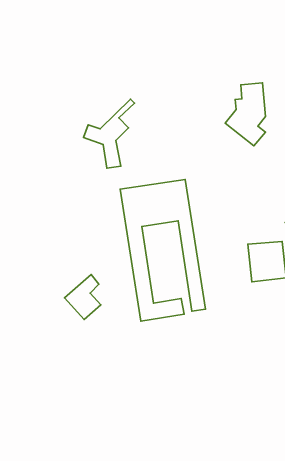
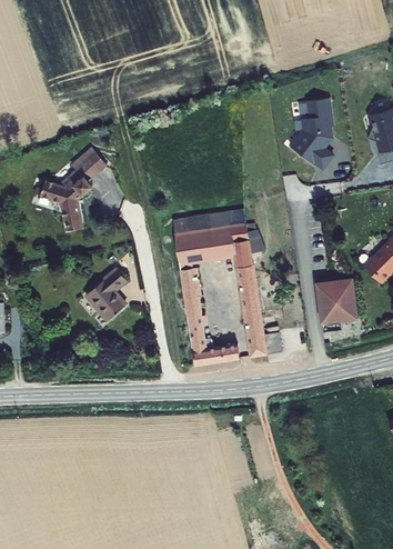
building: [83,99,134,168] -> [41,152,99,230]
building: [65,274,101,320] -> [85,269,127,320]

